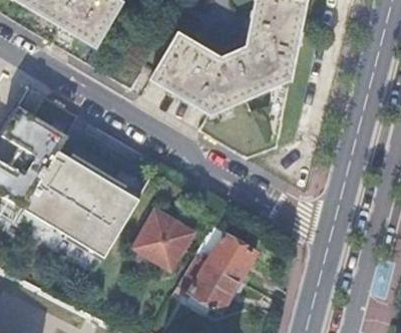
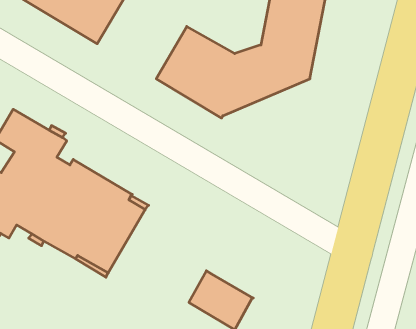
building: [134,212,193,272] -> none
building: [200,234,255,281] -> none

